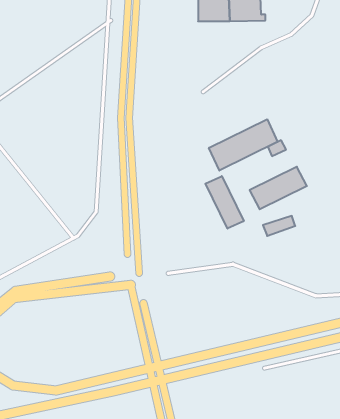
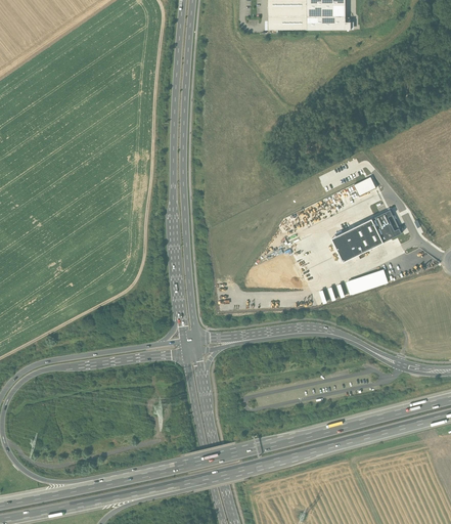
building: [209,119,278,171] -> none
building: [205,176,244,229] -> none

